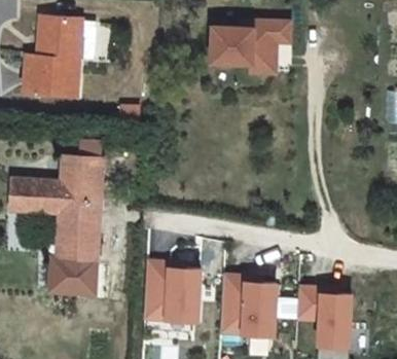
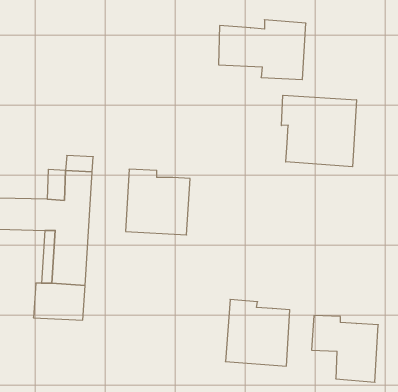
building: [25,16,93,94] -> none
building: none -> [281,95,356,167]
building: [142,256,200,315] -> [126,169,190,235]

